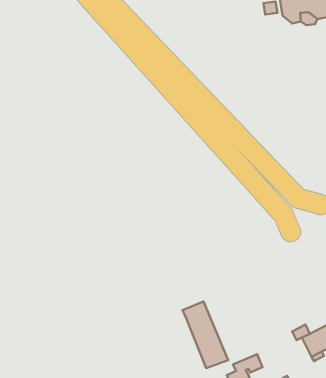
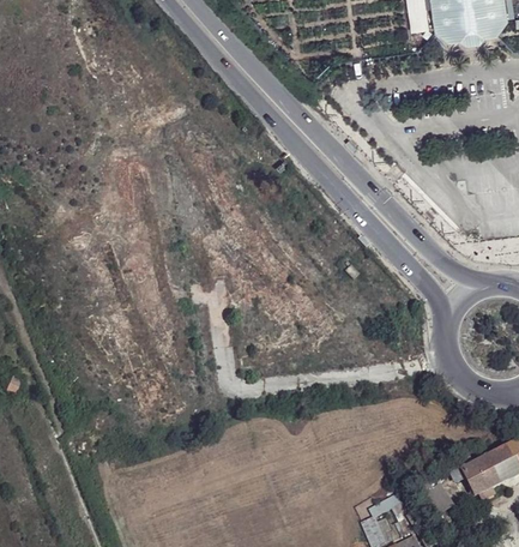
building: [182,301,228,368] -> none

